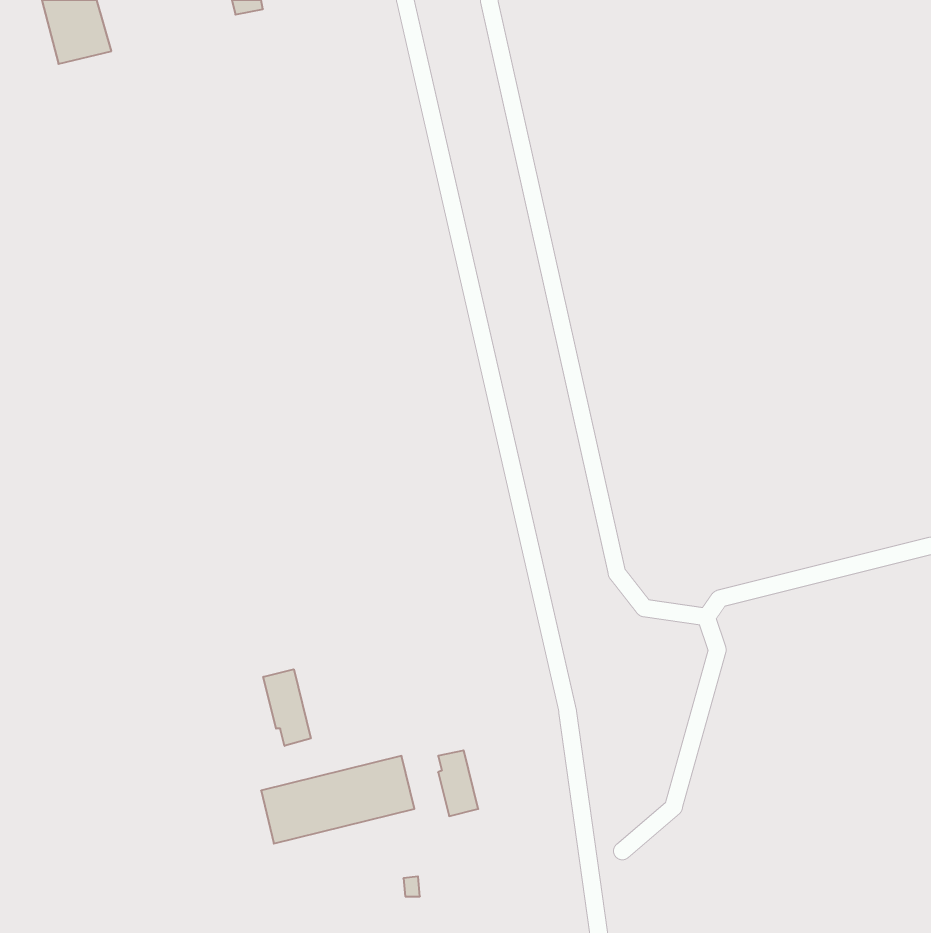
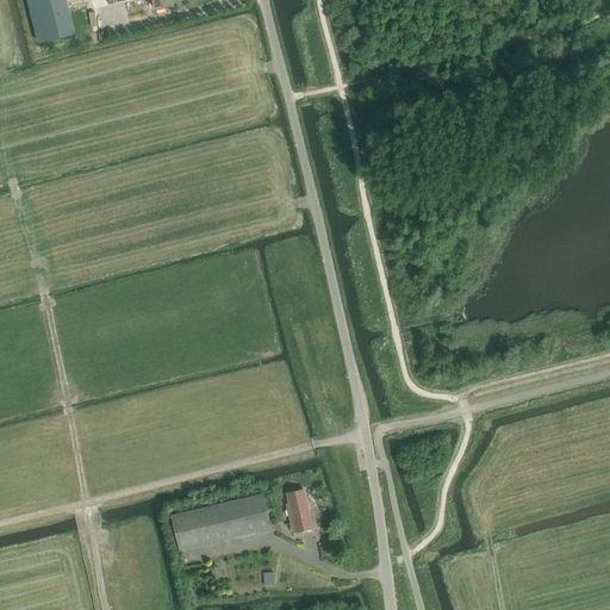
building: [263,669,311,746] -> none

